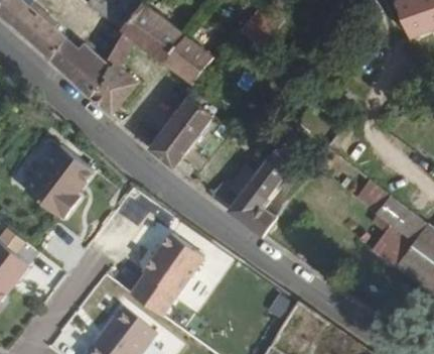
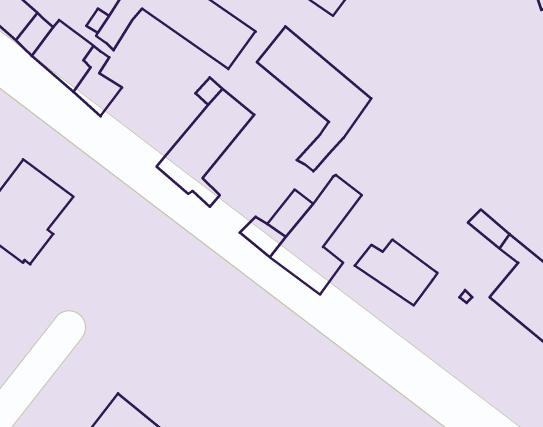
building: none -> [257,26,371,171]
building: none -> [355,240,437,305]
building: [130,235,203,316] -> none

